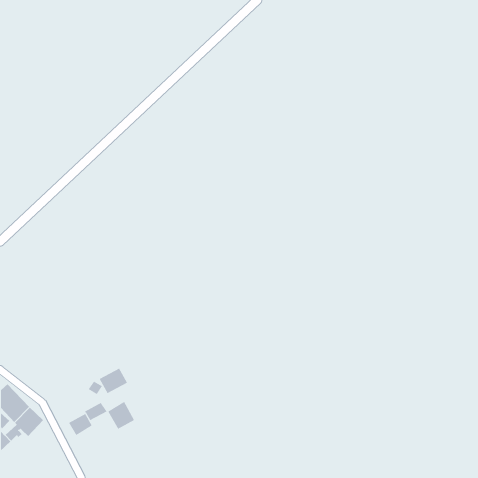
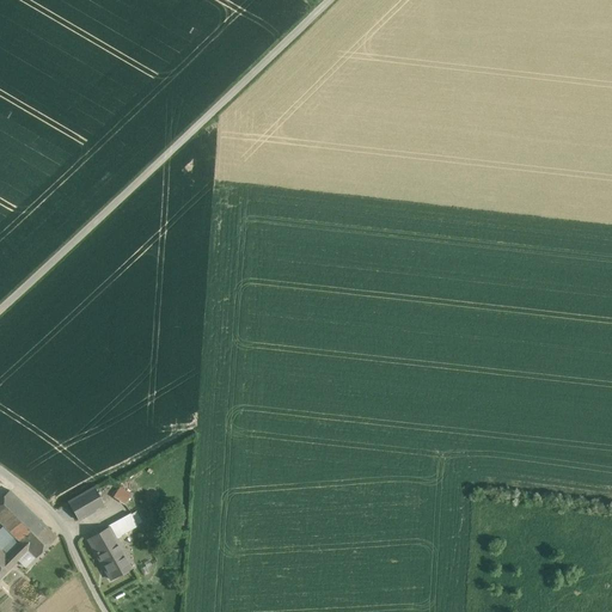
building: [99,368,128,394] -> [68,486,105,520]
building: [108,401,135,429] -> [97,544,131,580]

